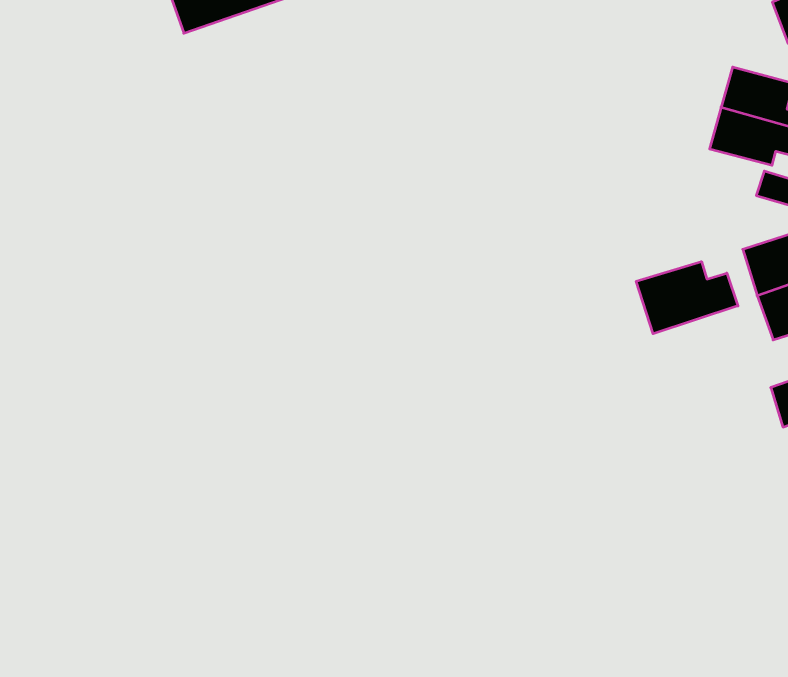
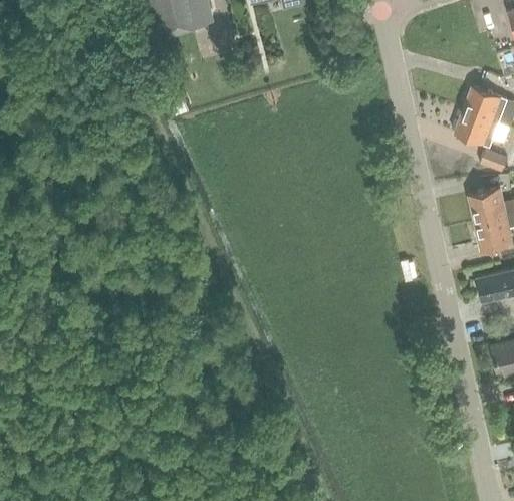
building: [636,262,738,334] -> none

